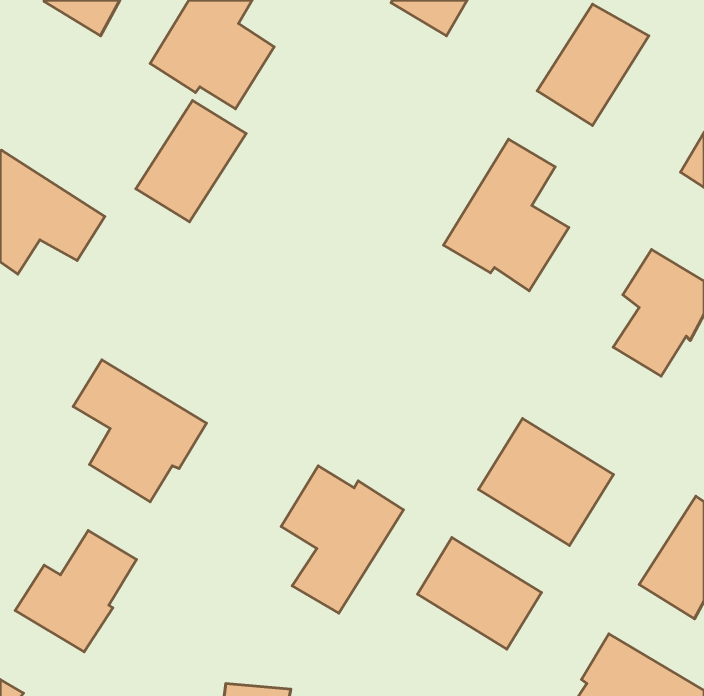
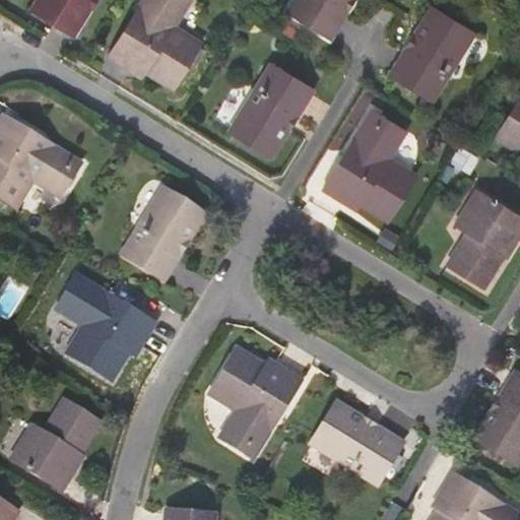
building: none -> [233,63,313,153]
building: [136,101,246,222] -> [123,185,204,274]
building: [479,418,613,545] -> none

